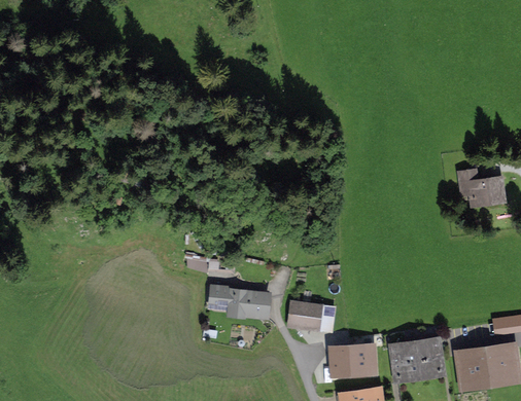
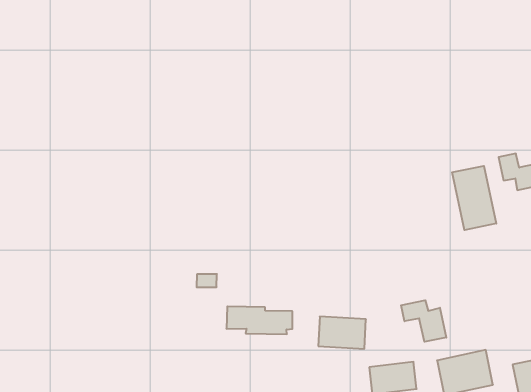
building: none -> [452,166,496,230]
building: none -> [401,300,446,342]

